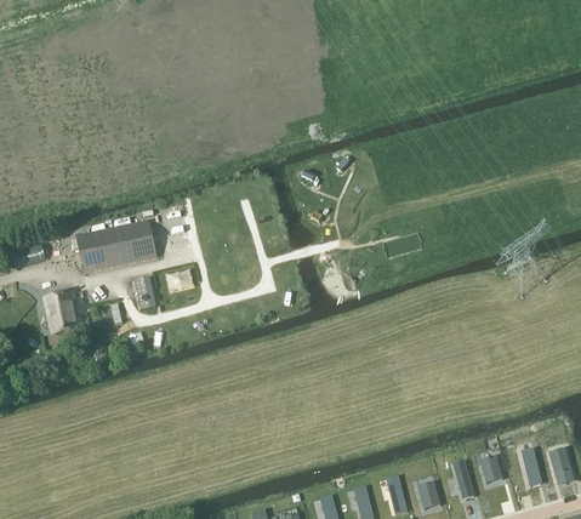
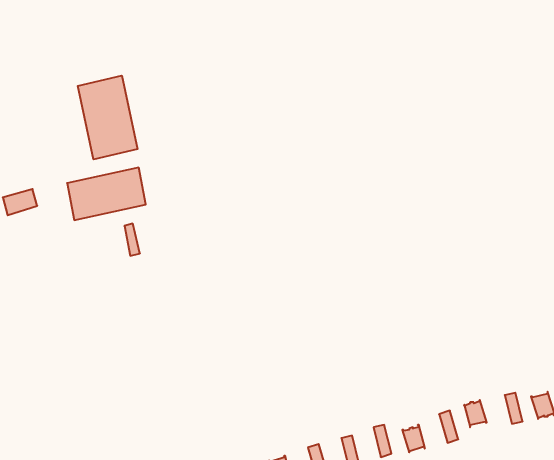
building: none -> [78,76,138,159]
building: [40,289,79,336] -> none

